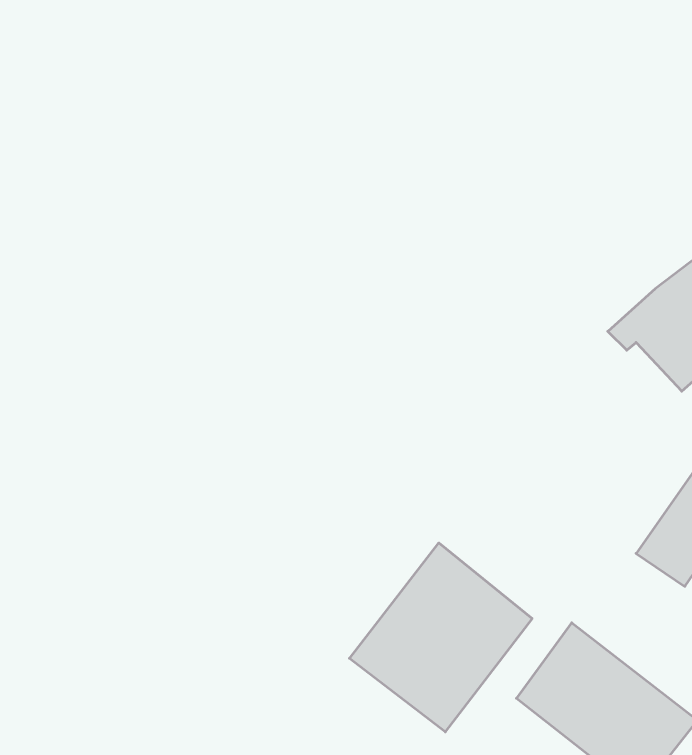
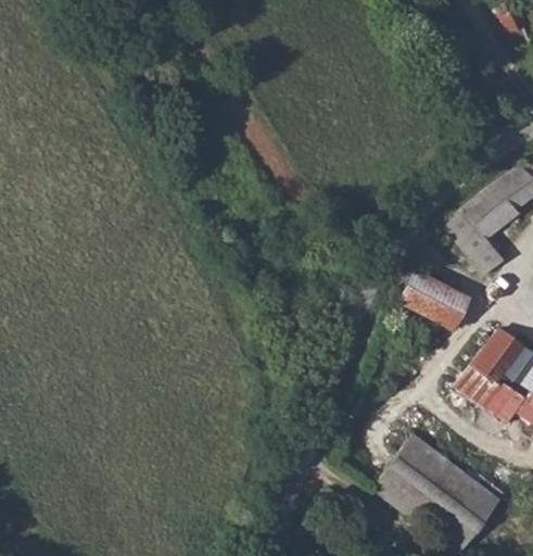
building: none -> [398,267,473,329]
building: [349,543,532,732] -> none

